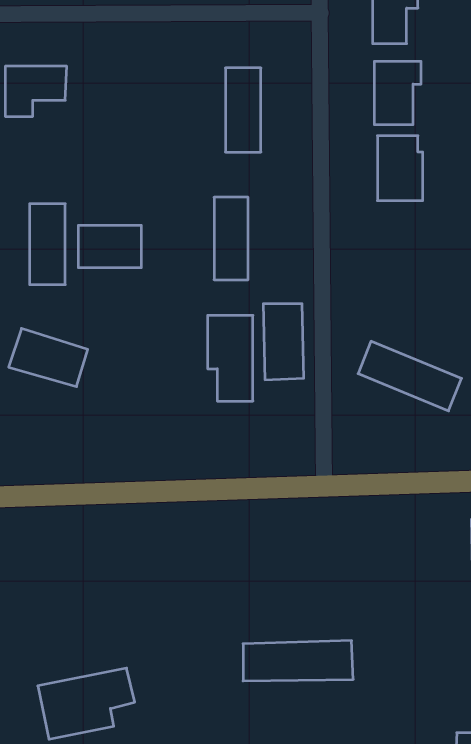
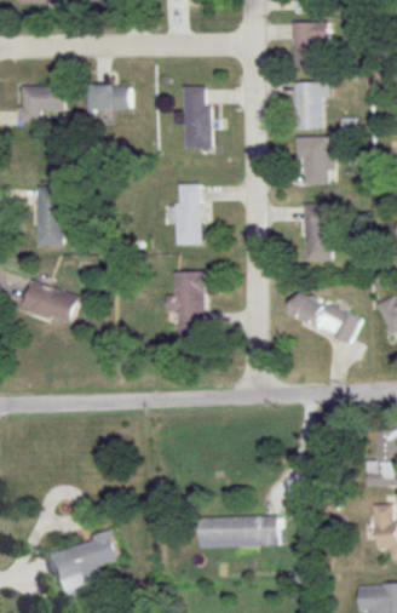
building: none -> [87,85,131,109]
building: [78,225,141,268] -> none
building: [263,304,304,380] -> [303,204,333,260]

